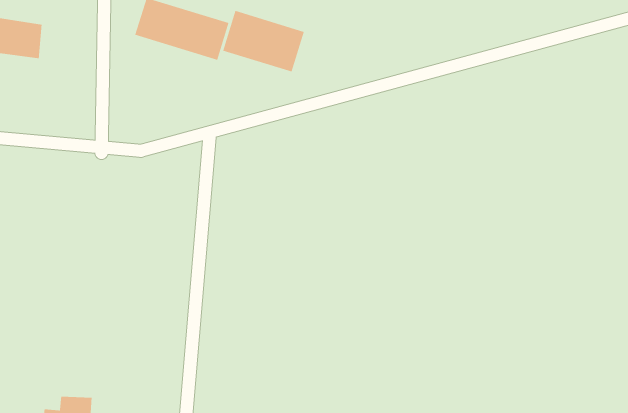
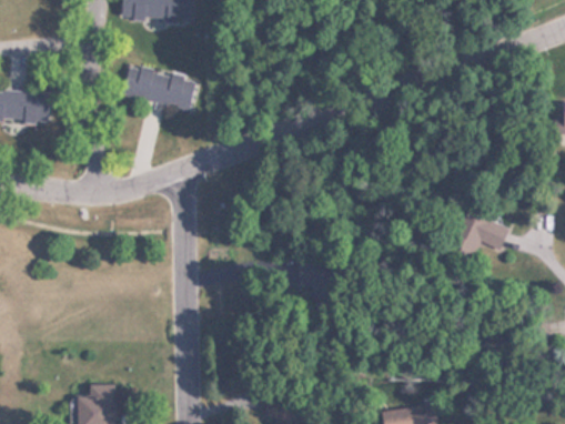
building: [222,10,305,73] -> none
building: none -> [467,219,506,250]

